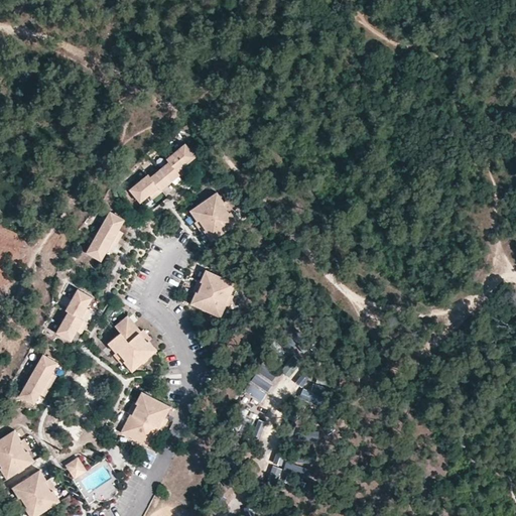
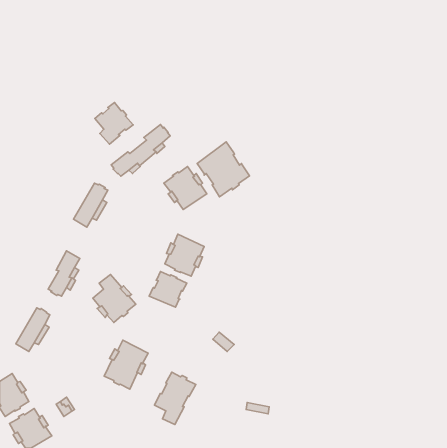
building: none -> [95,103,133,144]
building: none -> [197,142,250,197]
building: none -> [149,271,187,307]
building: none -> [154,372,196,424]

